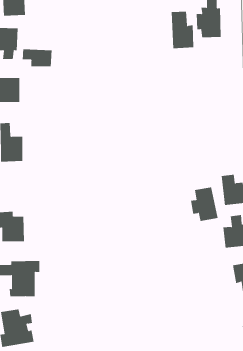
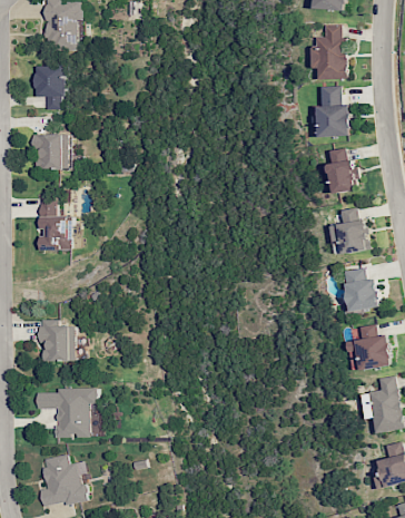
building: [171,11,194,49] -> [317,85,349,137]
building: [22,49,52,67] -> none
building: none -> [324,147,356,193]
building: [190,187,218,221] -> [329,206,368,254]

